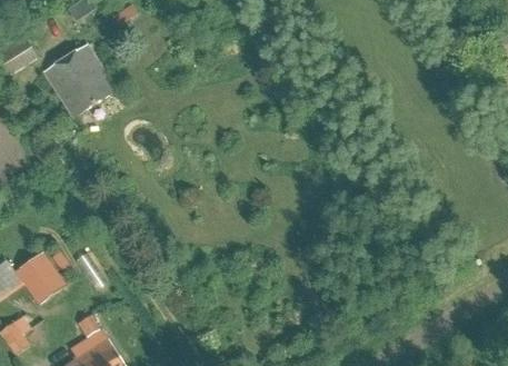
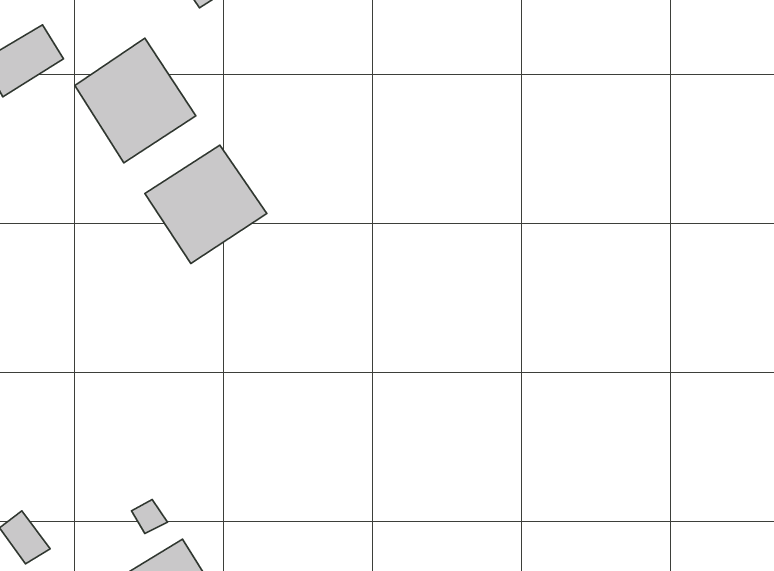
building: none -> [145,145,267,264]
building: [16,250,64,301] -> none

